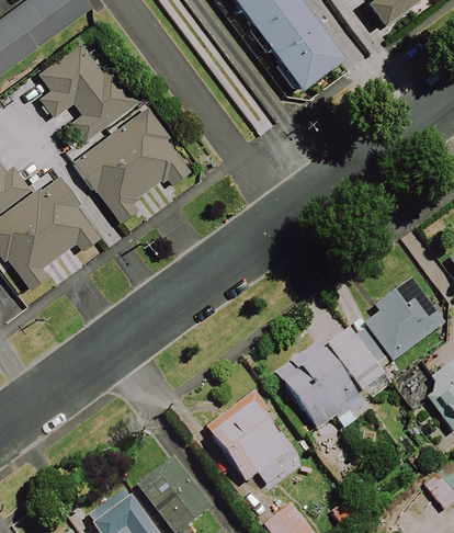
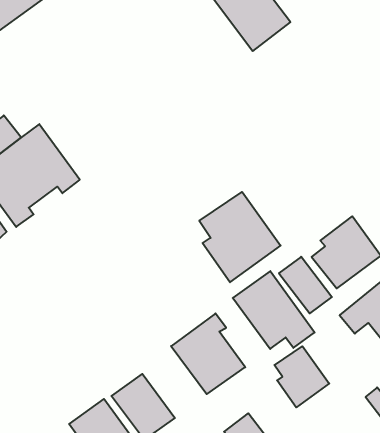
building: [39,45,137,141] -> none
building: [76,107,193,222] -> none
building: none -> [199,192,281,282]
building: none -> [274,346,329,407]

